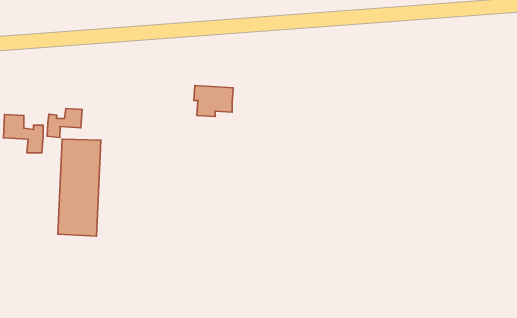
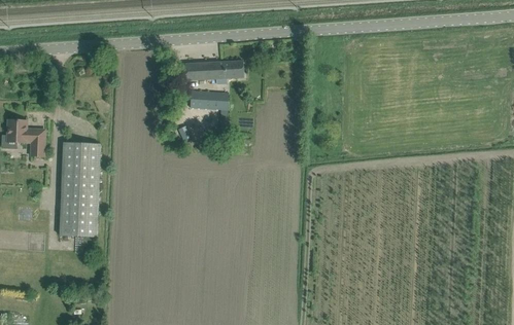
building: none -> [184,60,243,79]
building: [47,109,82,137] -> none

